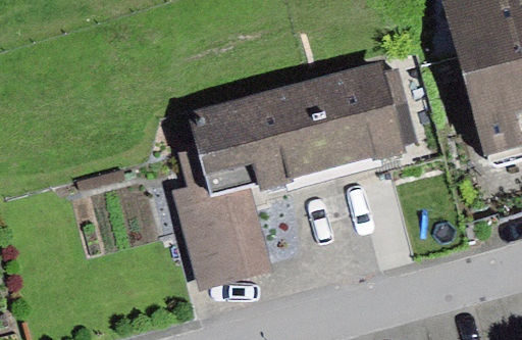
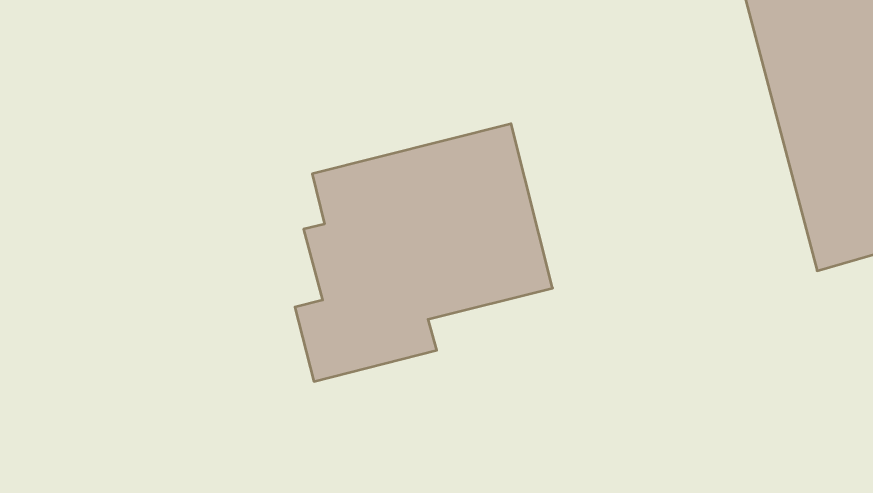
building: [303,54,434,184] -> none
building: [187,221,273,293] -> none

